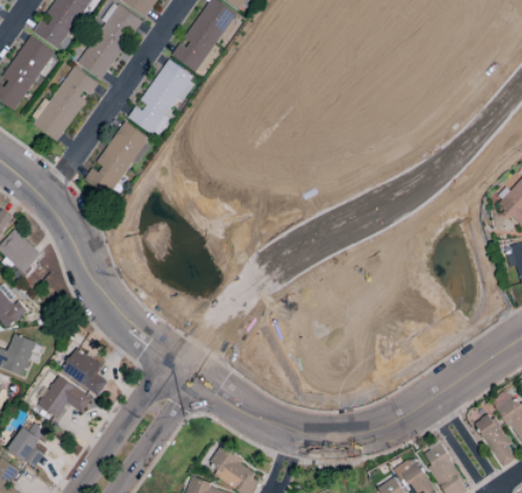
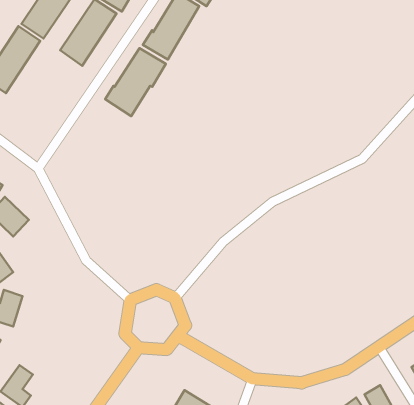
building: [30,67,98,141] -> none
building: [83,121,148,197] -> none
building: [61,348,108,396] -> none
building: [38,375,91,418] -> none

